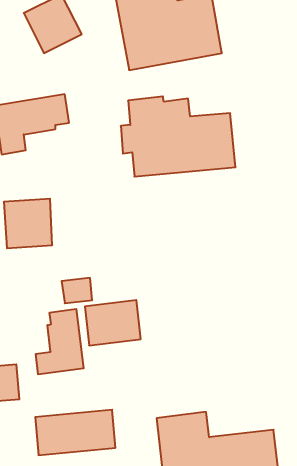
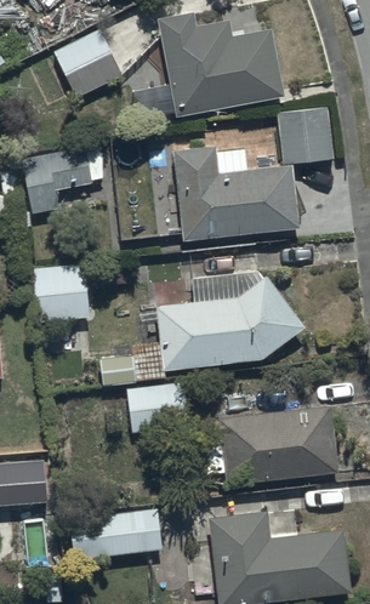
building: none -> [277,107,332,164]
building: none -> [153,275,304,371]
building: [36,309,84,374] -> none
building: none -> [199,405,338,484]

